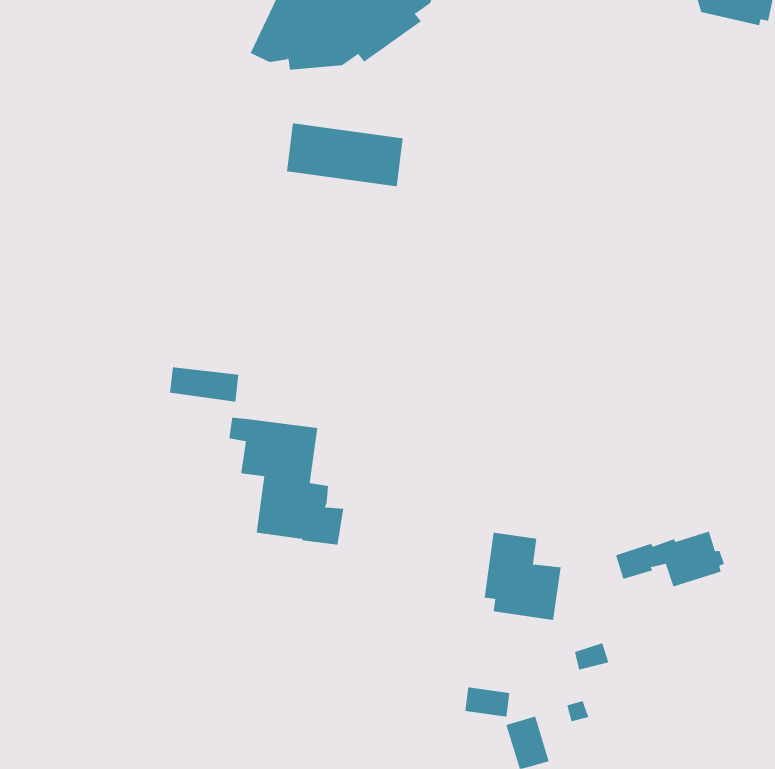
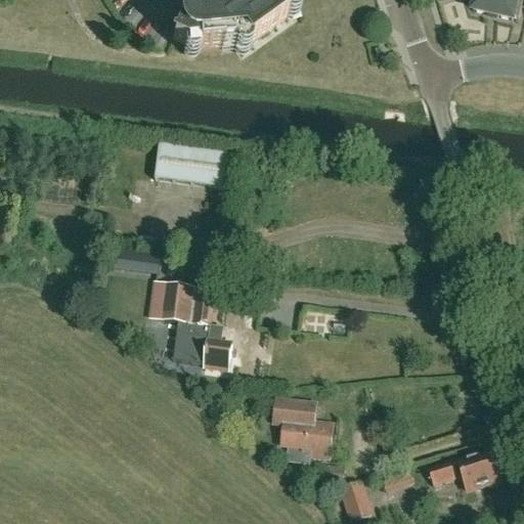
building: [286,123,403,187] -> [154,143,232,186]
building: [615,531,725,587] -> [427,451,500,489]
building: [484,532,561,621] -> [279,399,332,458]

